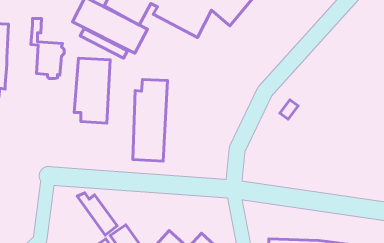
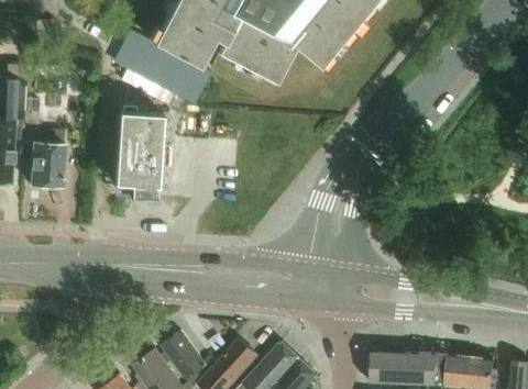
building: [31,19,64,79] -> [23,110,67,189]
building: [133,79,167,161] -> none
building: [77,193,117,235] -> none

